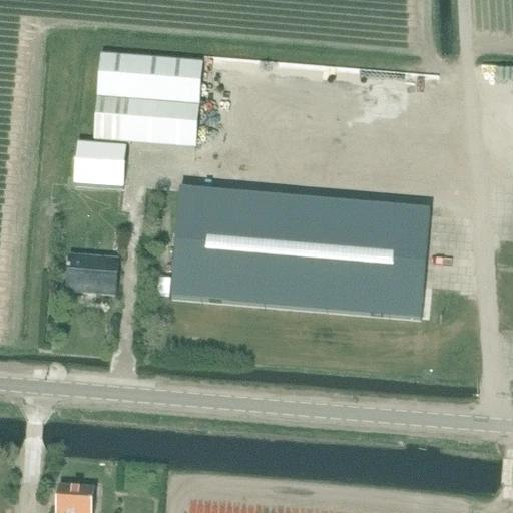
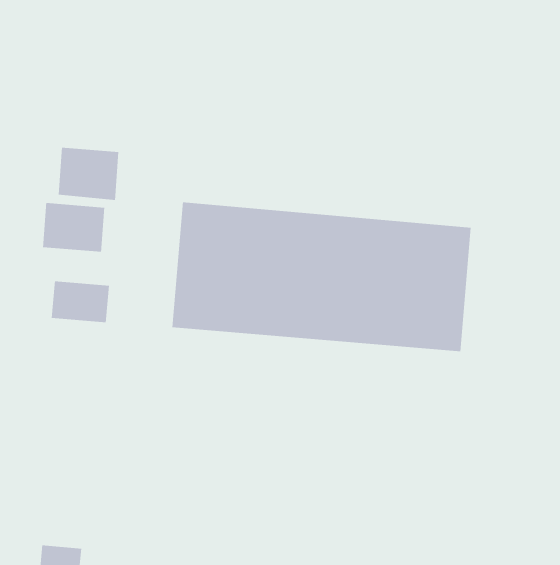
building: [95,52,201,145] -> none
building: none -> [42,202,105,253]

